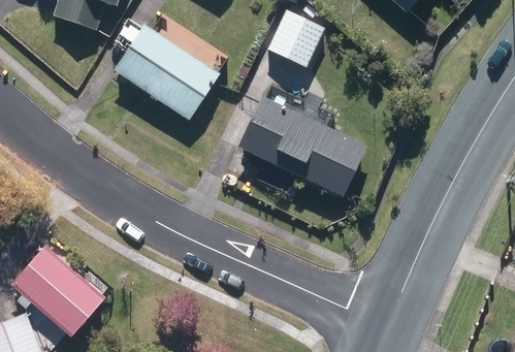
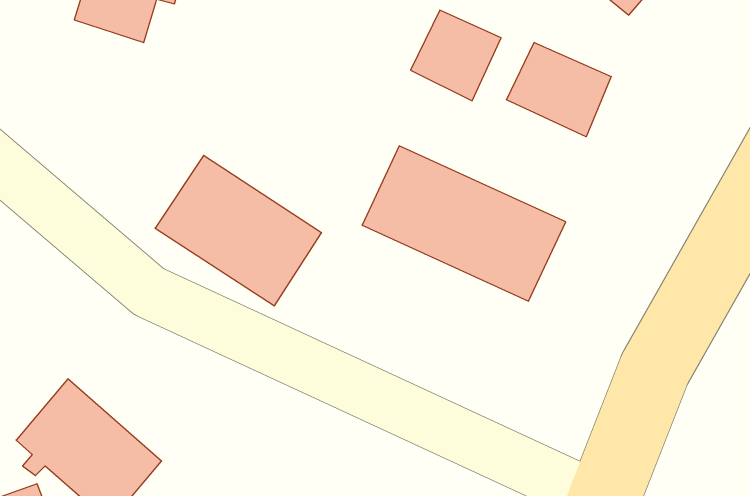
building: [112,24,219,120] -> [155,155,322,306]
building: none -> [506,42,611,137]

